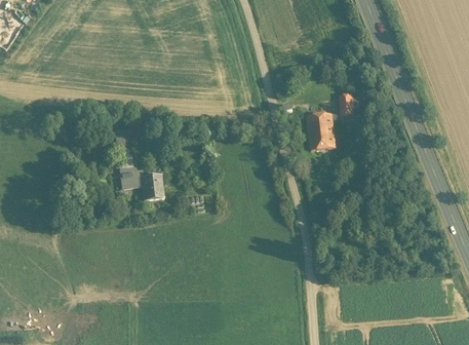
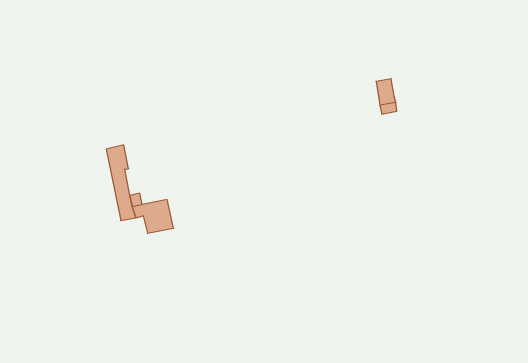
building: [308,114,335,150] -> none

